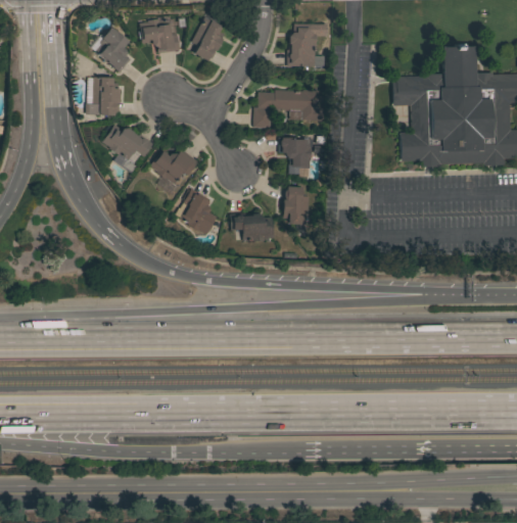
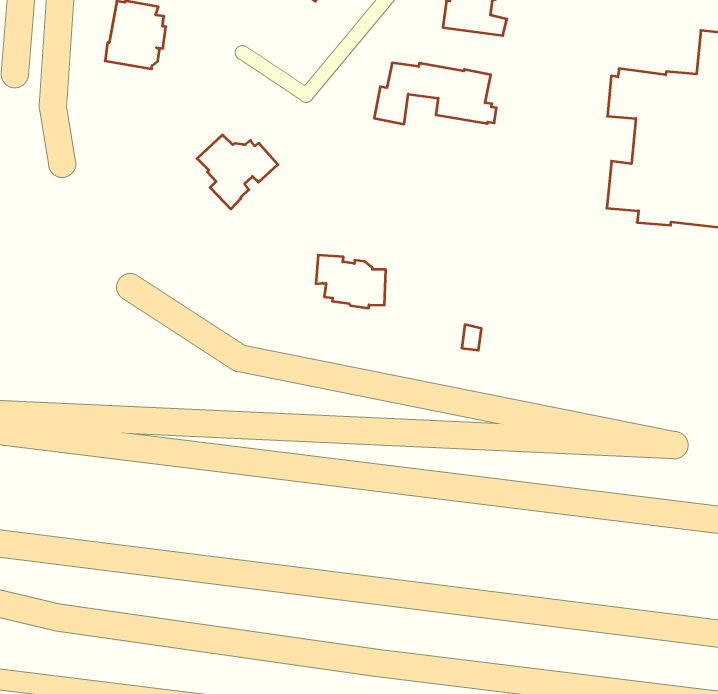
building: [103,125,154,173] -> none
building: [279,137,312,175] -> none
building: [283,186,310,232] -> none
building: [180,188,218,234] -> none

